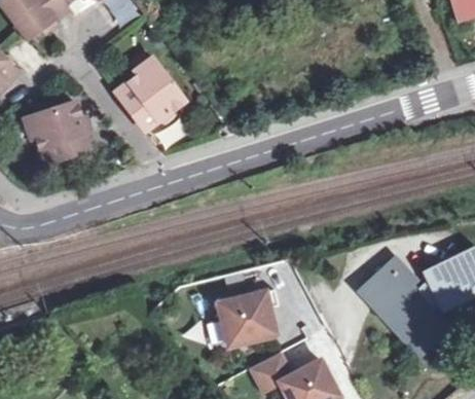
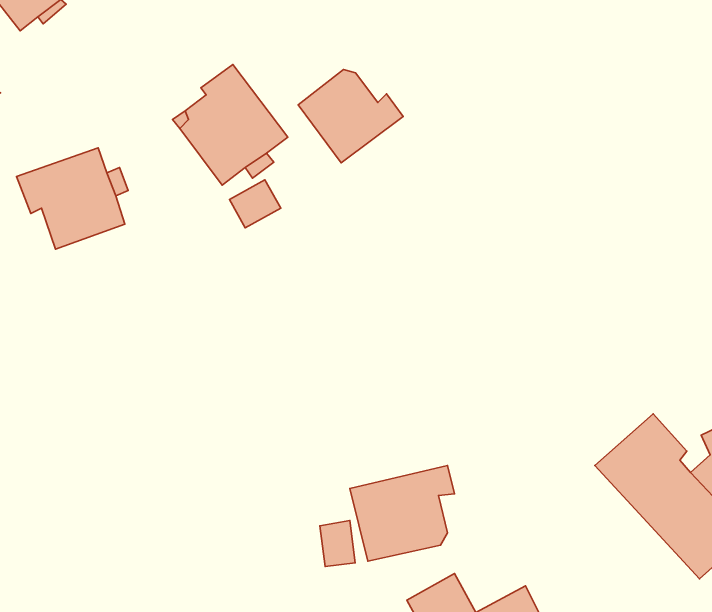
building: none -> [298,69,403,163]

